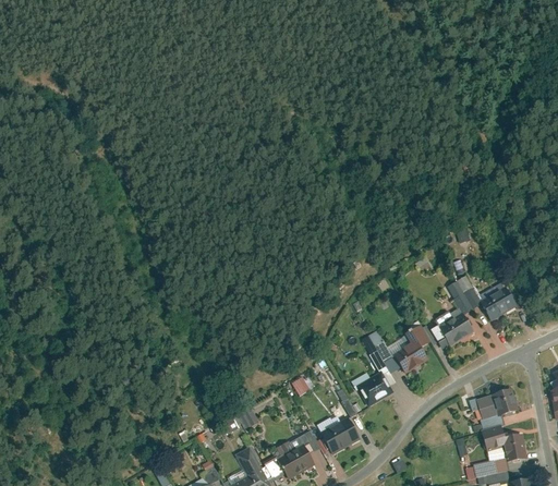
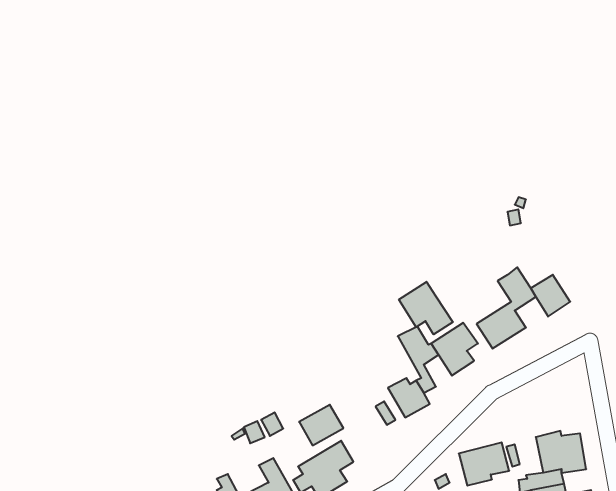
building: none -> [399,282,453,334]
building: [474,390,519,428] -> [459,442,509,486]
building: [318,418,357,454] -> [299,405,343,445]

